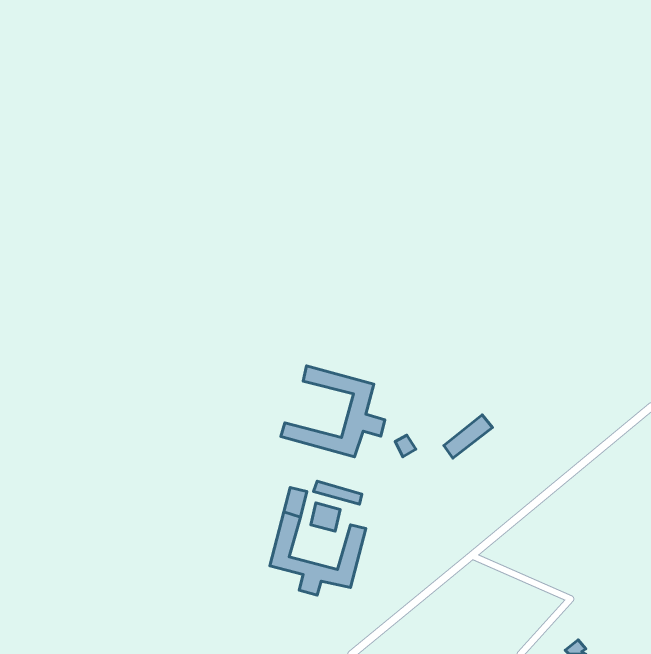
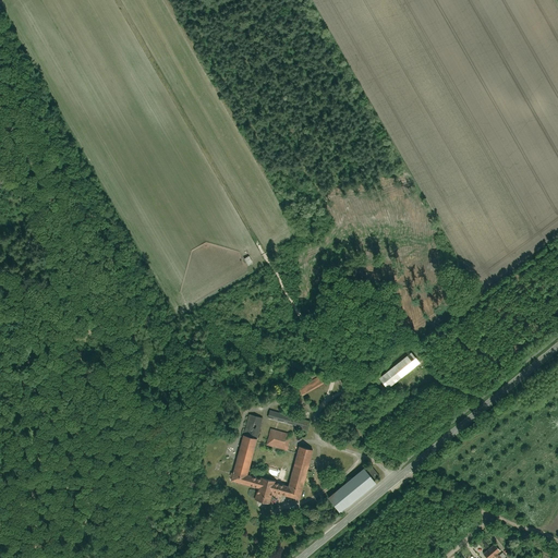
building: [281,366,385,457] -> none
building: none -> [327,470,375,513]

